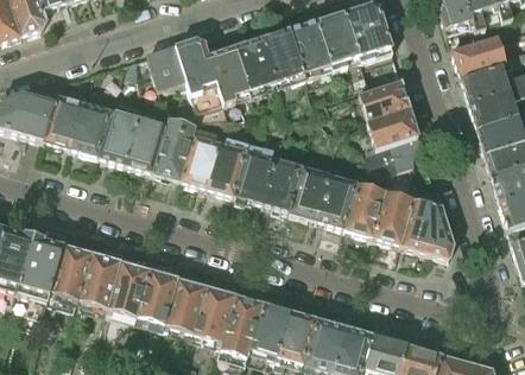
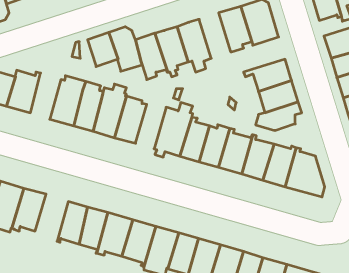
building: [291,20,335,87] -> none
building: [74,97,112,157] -> none
building: [209,135,248,195] -> none
building: [80,253,122,313] -> none

